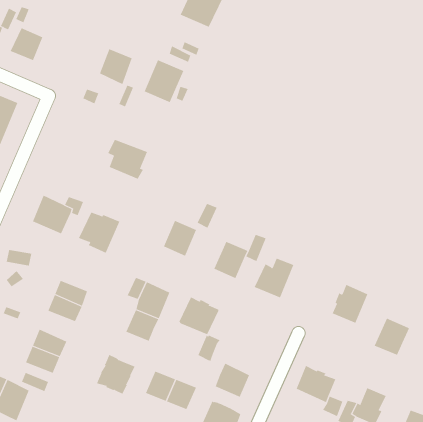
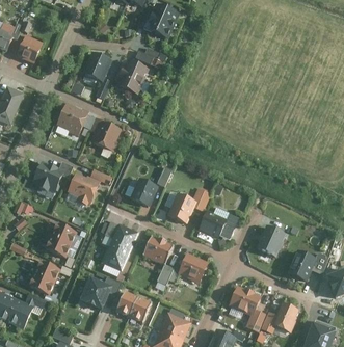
building: none -> [56,103,87,133]
building: [215,363,250,398] -> [180,255,206,281]

